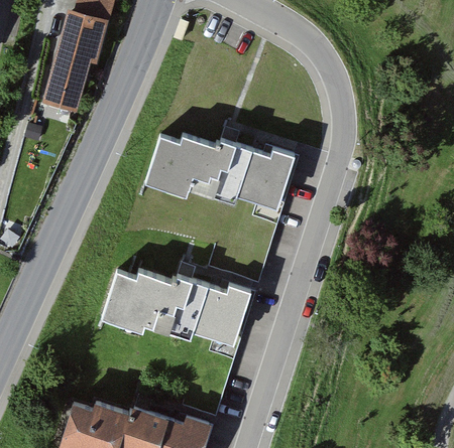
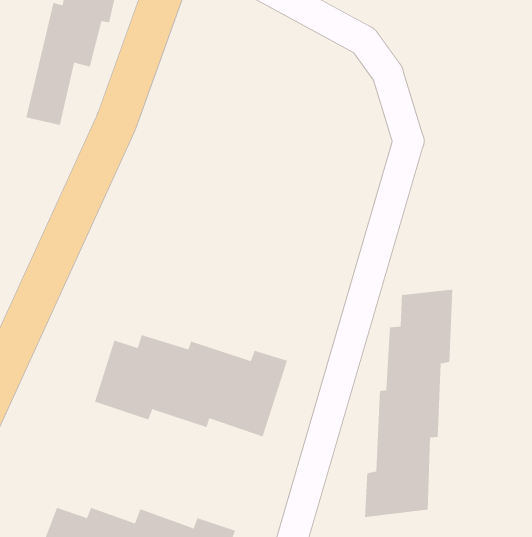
building: [145,136,298,211] -> none
building: none -> [364,289,453,518]

